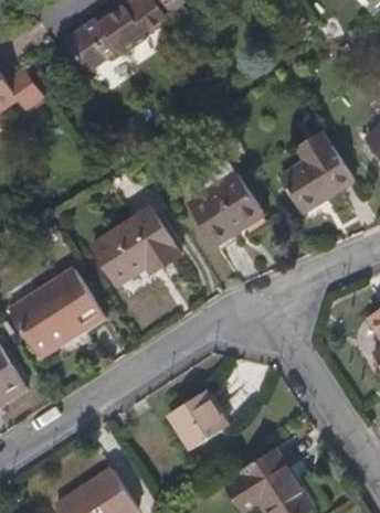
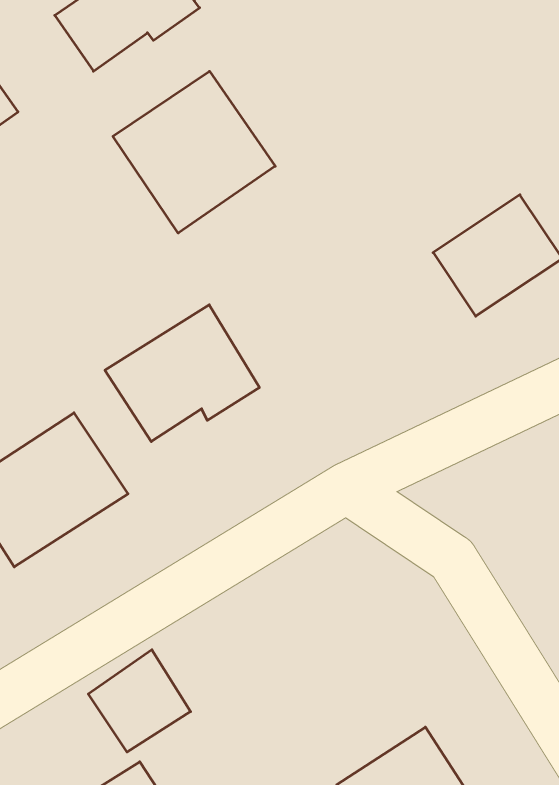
building: none -> [113,71,275,233]
building: [188,173,264,245] -> none
building: [168,389,226,448] -> [88,650,191,752]

